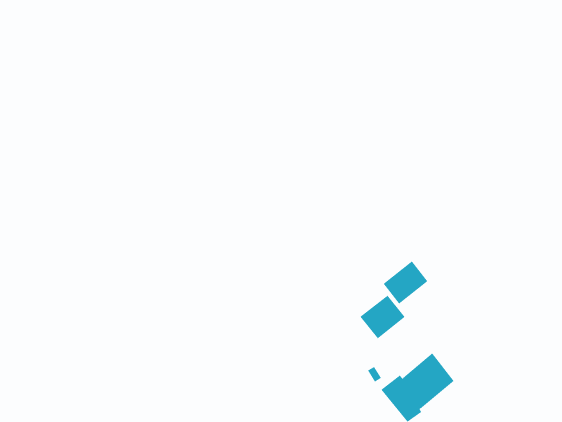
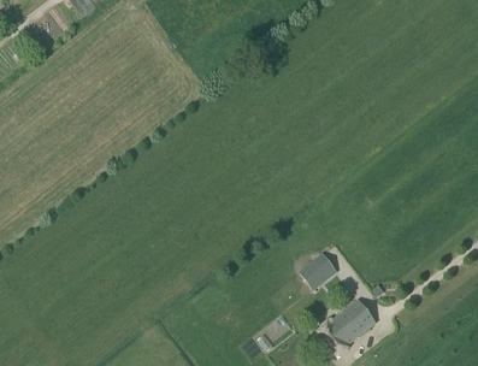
building: [383,261,428,304] -> none

